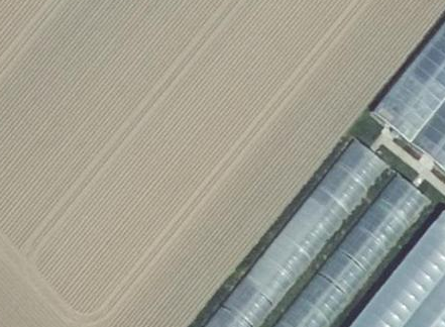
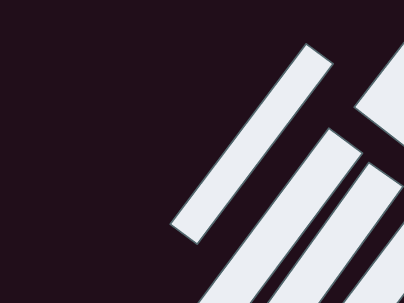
building: none -> [170,44,333,244]

